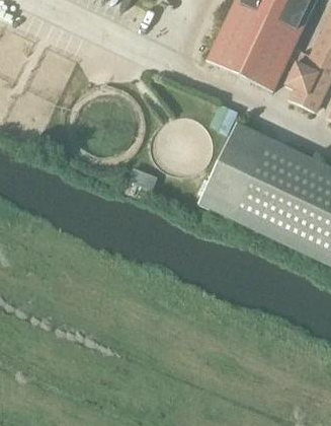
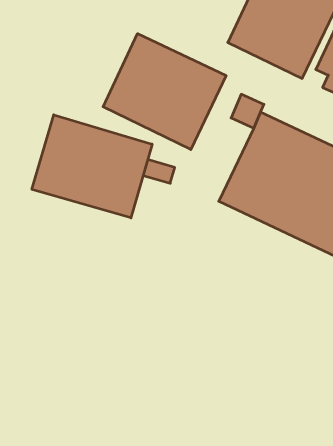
building: none -> [103,34,226,150]
building: none -> [32,115,152,218]

